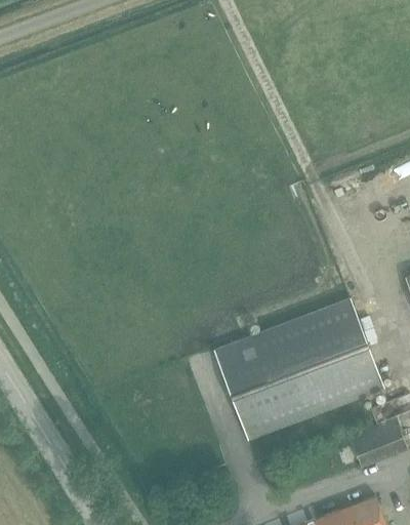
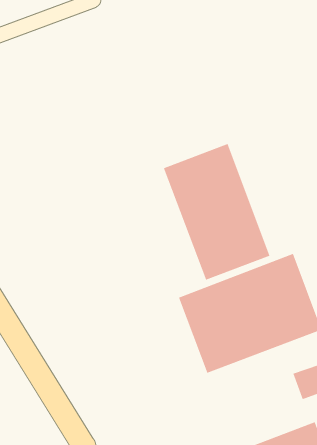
building: none -> [163,143,270,281]

